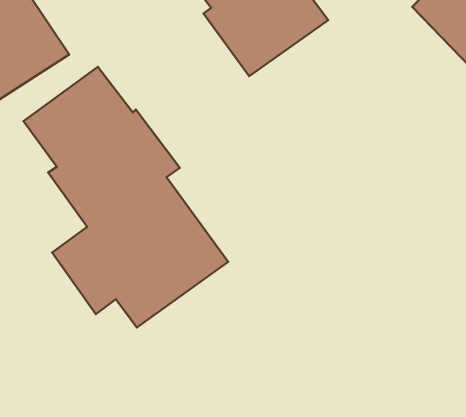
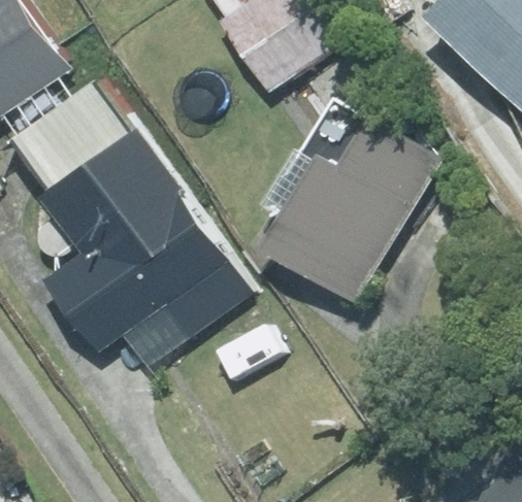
building: none -> [269,119,450,303]

